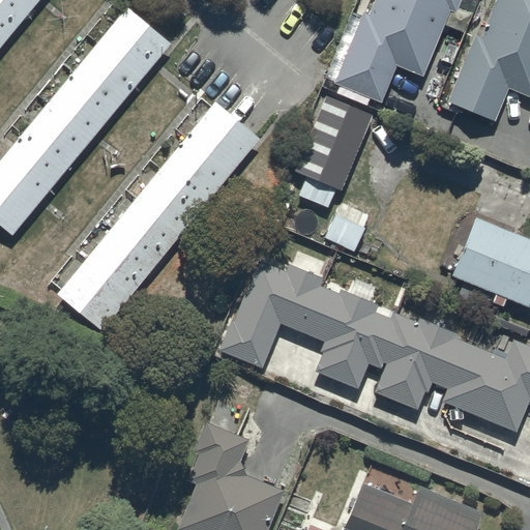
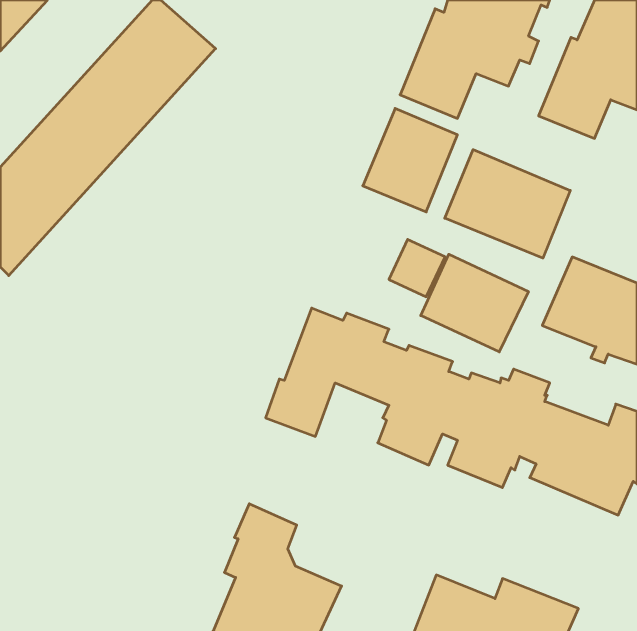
building: [53,98,268,328] -> none
building: none -> [445,150,570,258]
building: none -> [421,254,528,352]

